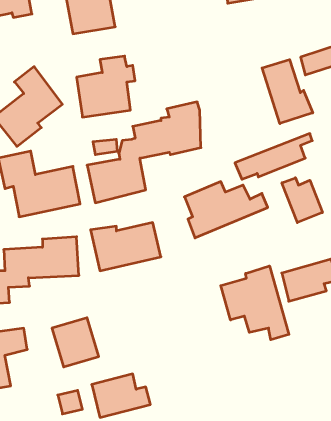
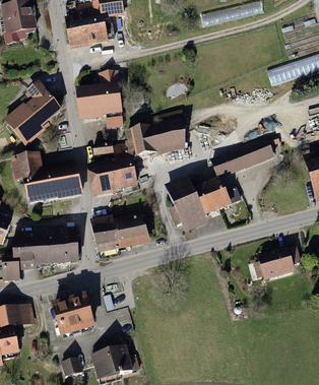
building: [262,60,313,124] -> none
building: [282,178,322,223] -> none
building: [221,266,289,340] -> none

